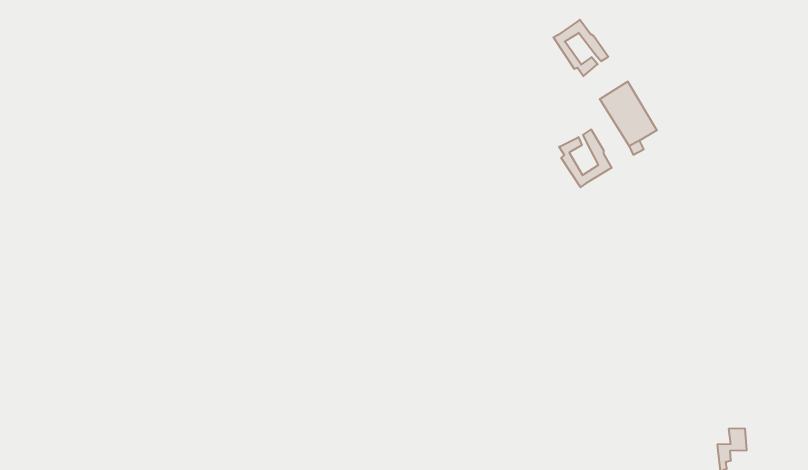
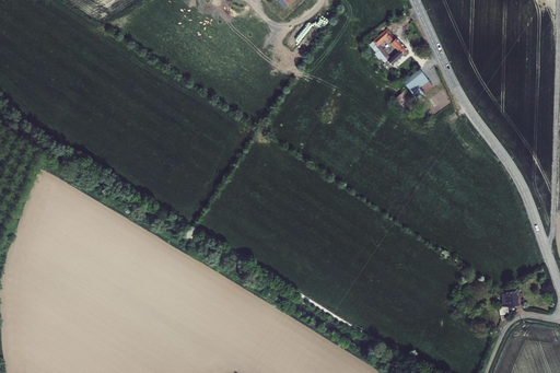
building: [559,129,612,187] -> none

